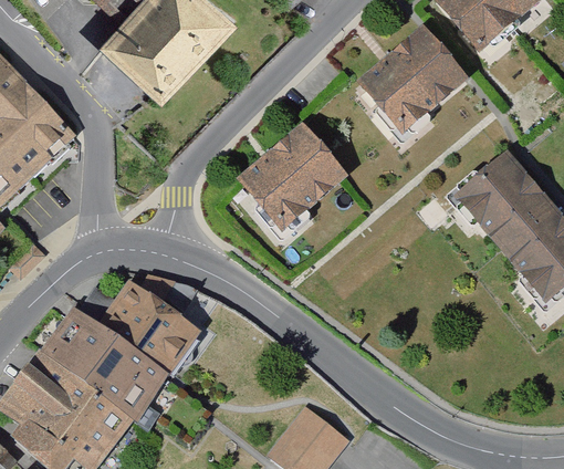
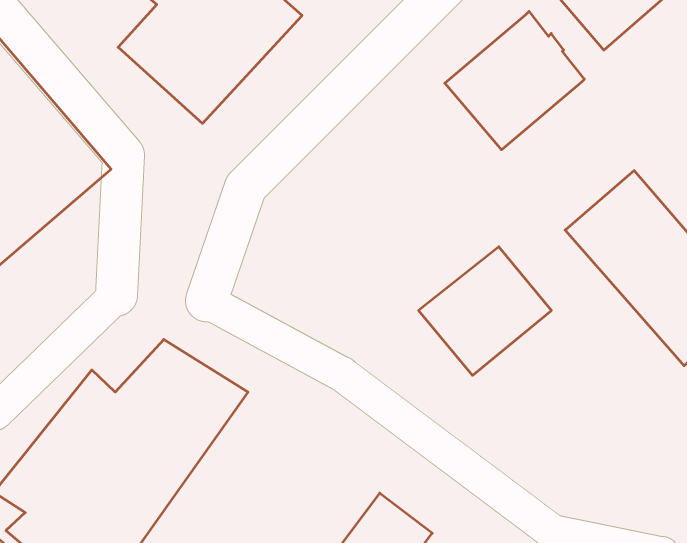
building: [243,124,349,227] -> [419,247,551,375]

